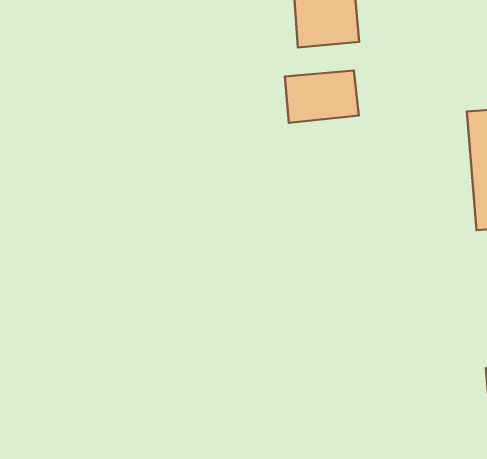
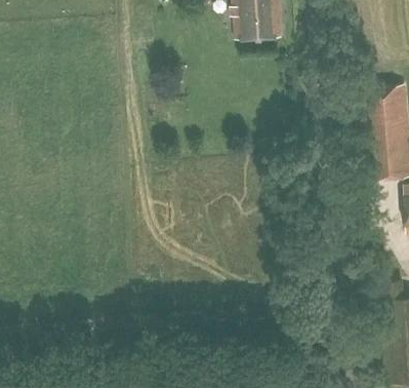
building: [285,70,359,123] -> none

